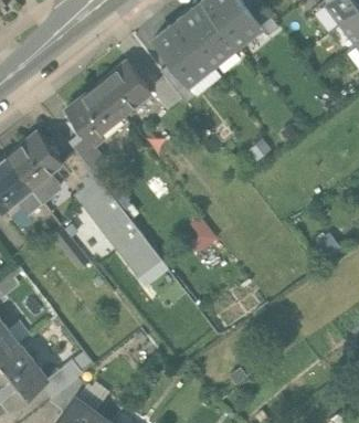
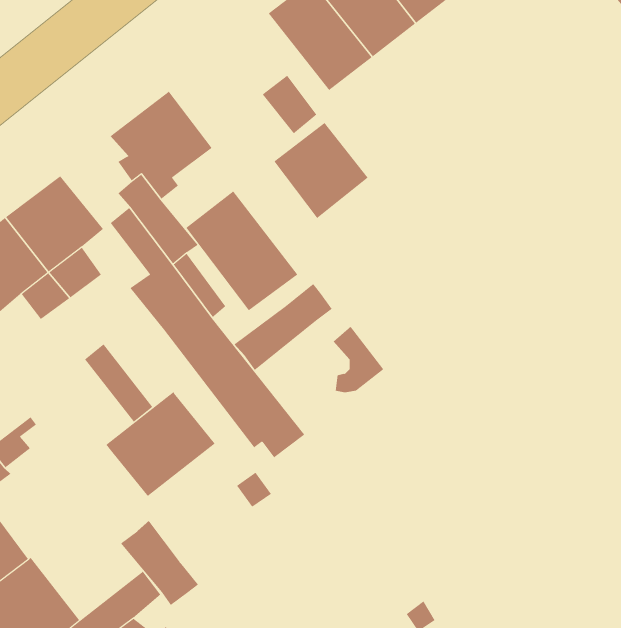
building: [98,62,151,116] -> [274,122,368,219]
building: none -> [186,191,298,311]
building: none -> [234,283,333,371]
building: none -> [106,391,216,497]
building: none -> [120,520,199,606]

